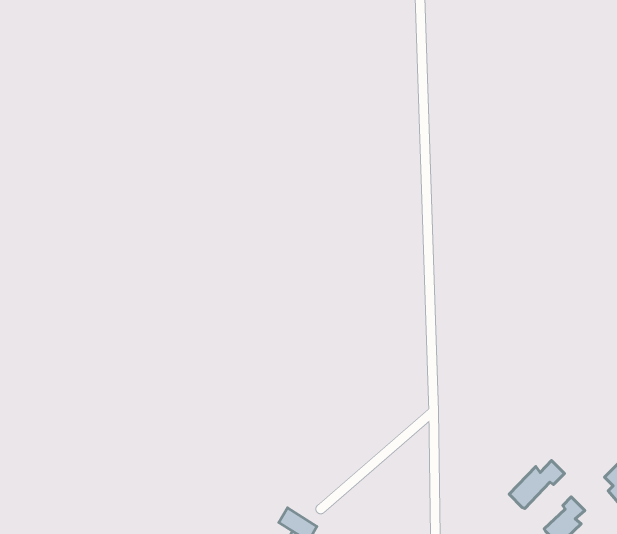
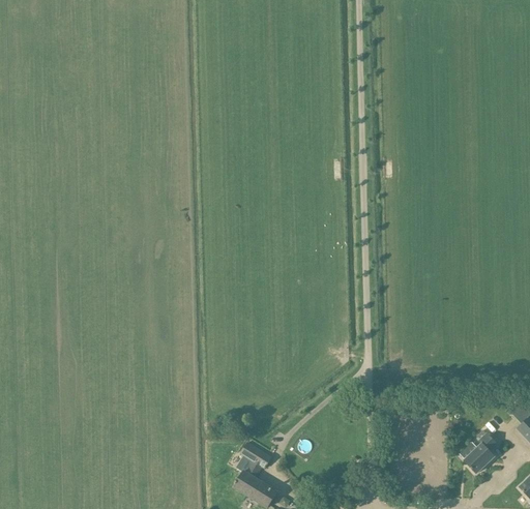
building: [509,460,564,508] -> none

